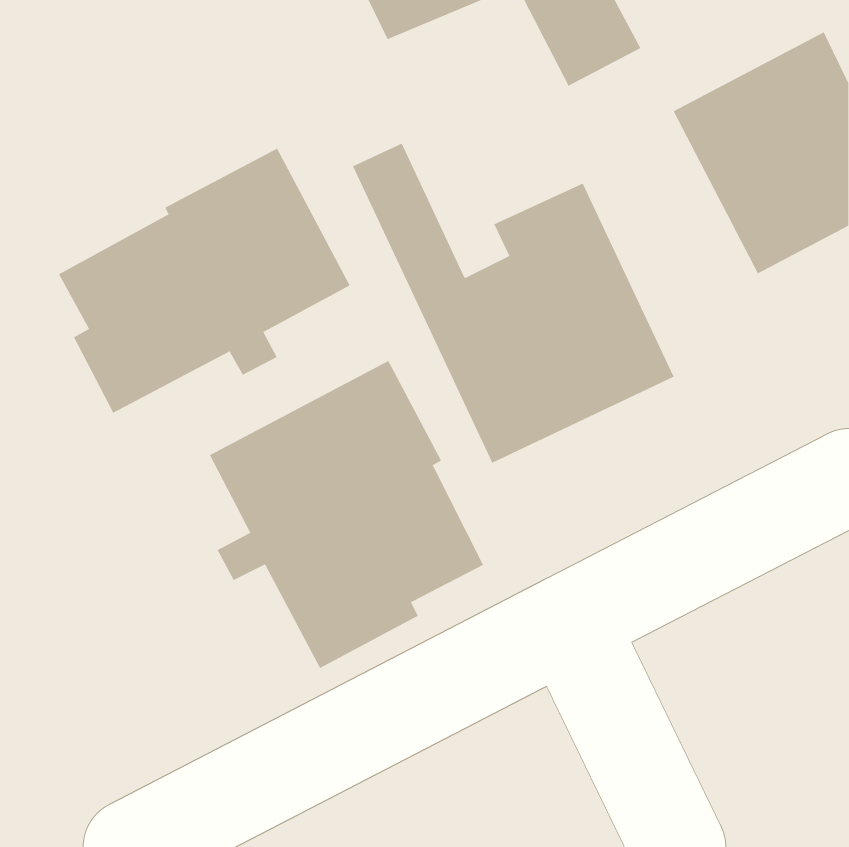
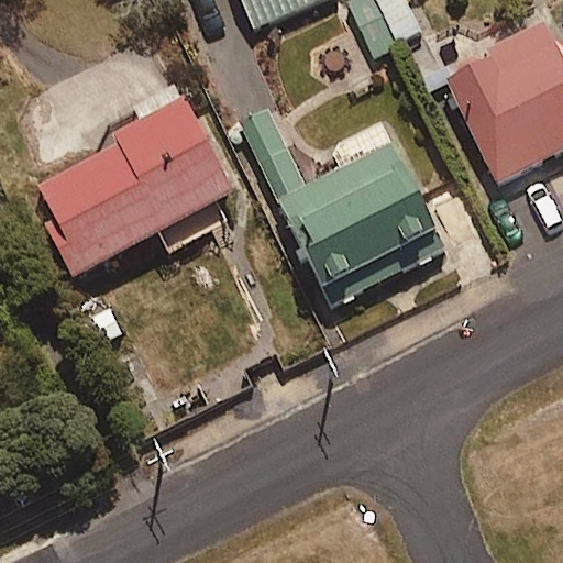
building: [209,360,484,669] -> none

